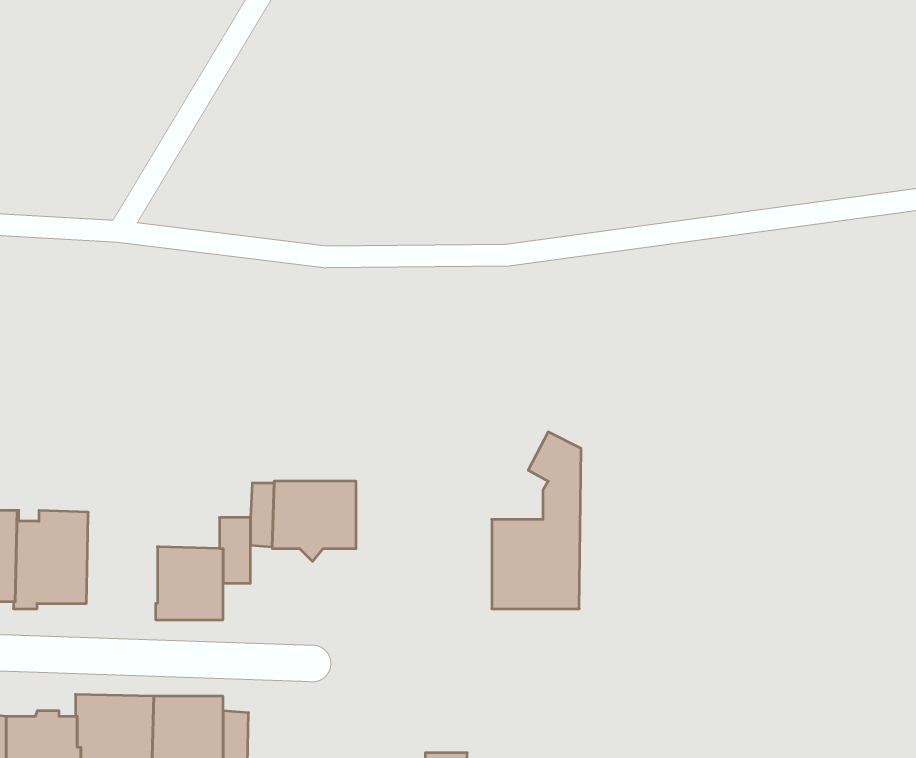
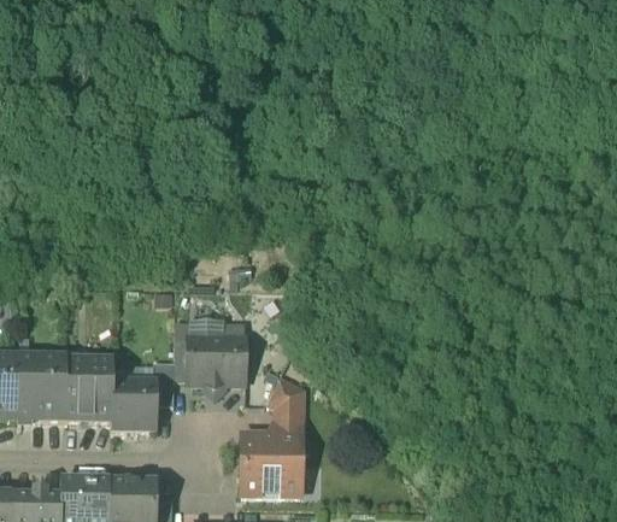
building: [492,432,581,609] -> [241,375,300,492]
building: none -> [64,359,112,417]

